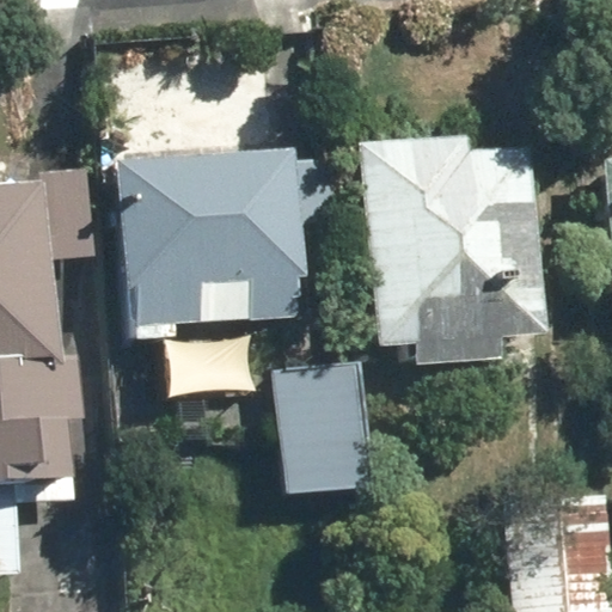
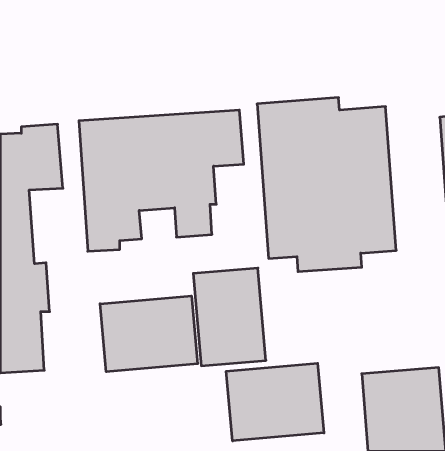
building: none -> [100,296,198,372]
building: none -> [226,363,324,441]

